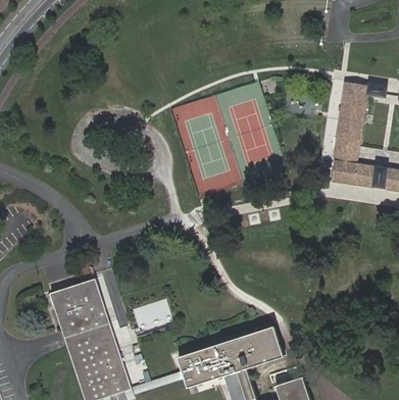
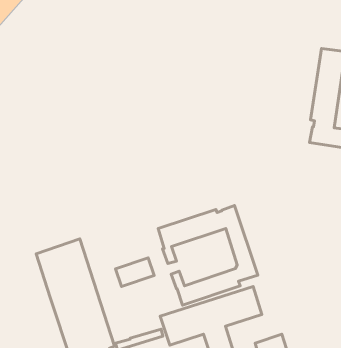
building: none -> [158,205,258,305]

